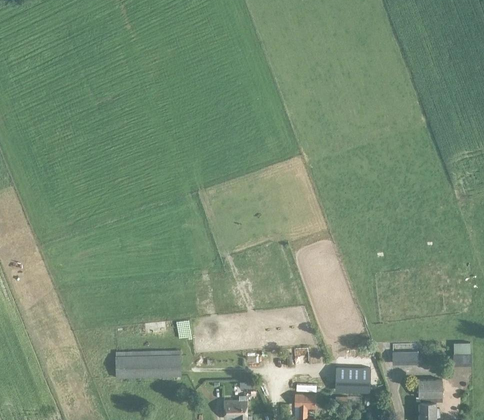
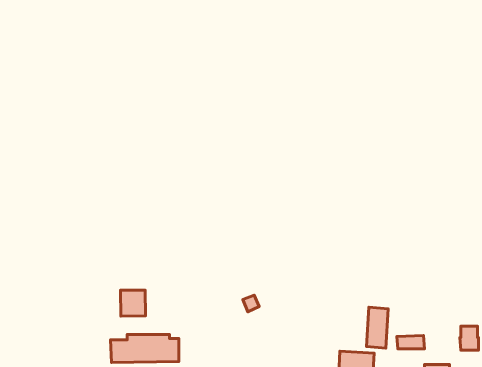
building: none -> [120,290,146,316]
building: none -> [366,307,388,348]

